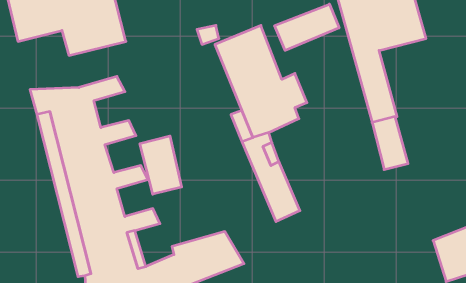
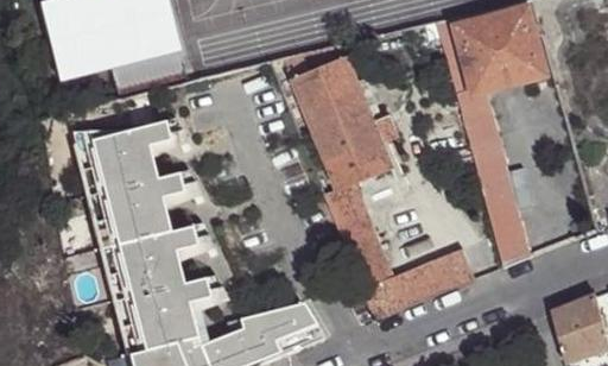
building: [275,4,339,50] -> none
building: [140,136,182,194] -> none
building: none -> [493,219,532,266]
building: none -> [365,245,481,317]

